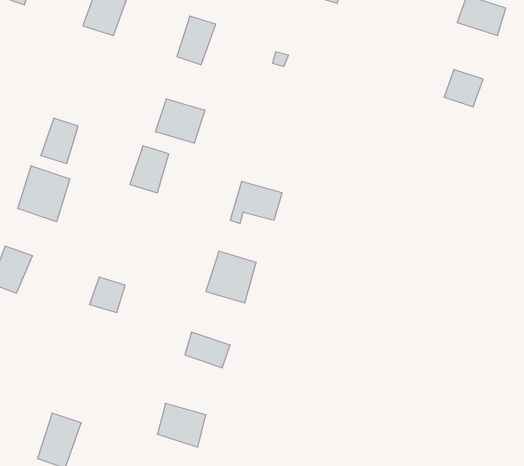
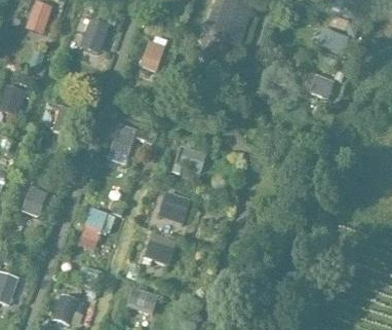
building: [156,99,205,143] -> none
building: [18,166,70,222] -> none

